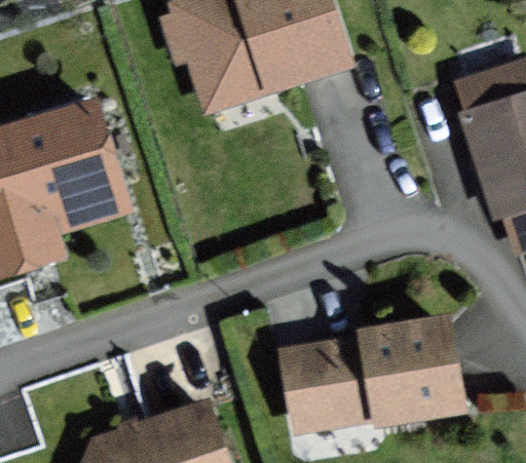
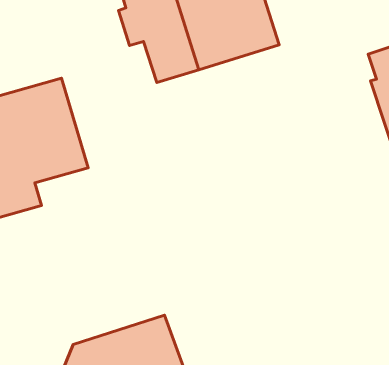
building: [286,314,466,428] -> none

